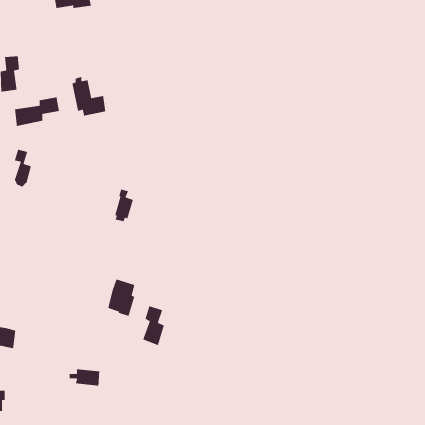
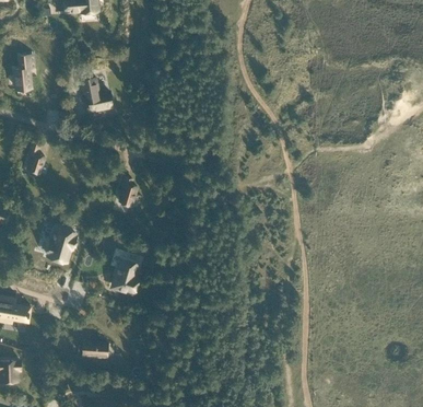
building: [14,96,60,127] -> none
building: none -> [46,228,75,263]
building: [142,305,165,346] -> none

